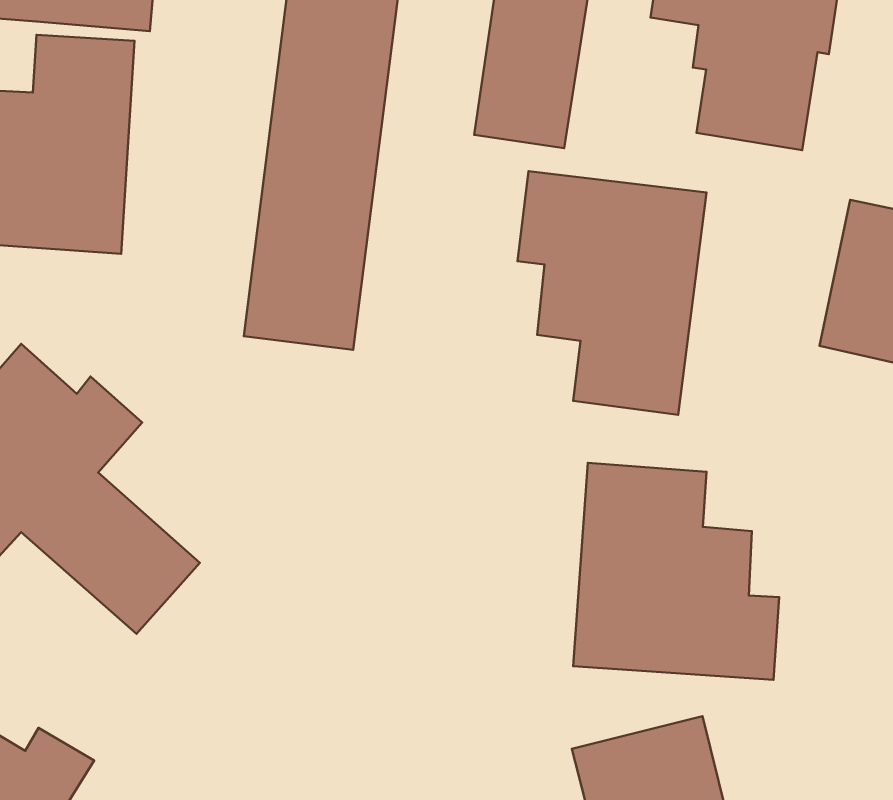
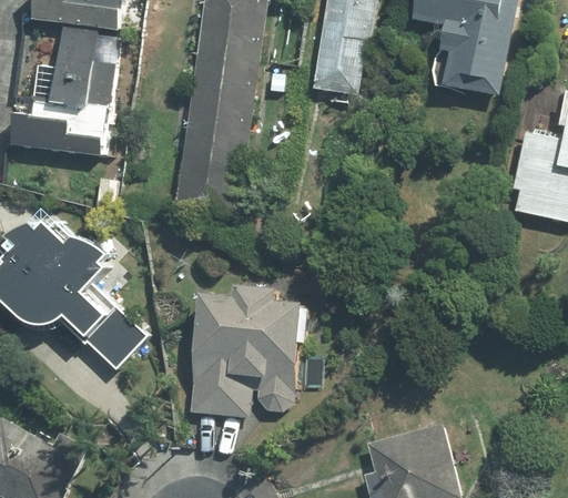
building: [518,171,706,415] -> none
building: [573,463,779,680] -> none
building: none -> [186,281,306,419]

